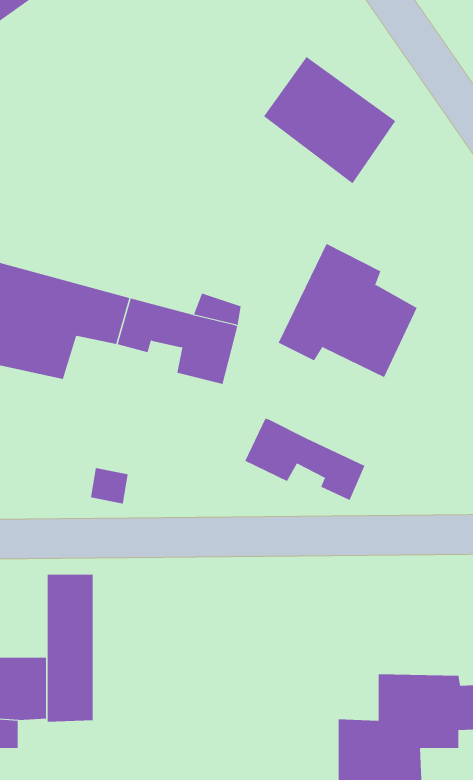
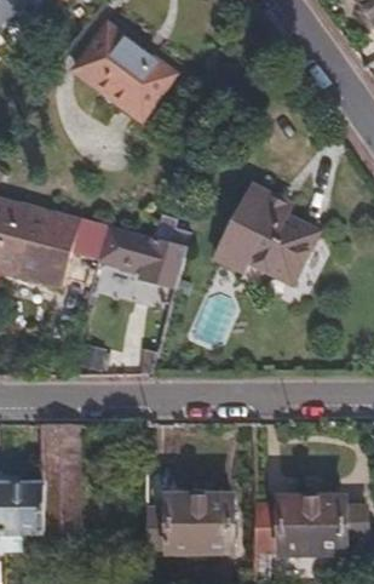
building: [263,56,396,184] -> [74,24,171,118]
building: [244,418,365,501] -> none
building: none -> [149,496,234,550]

